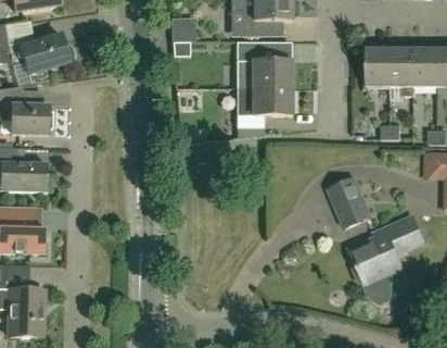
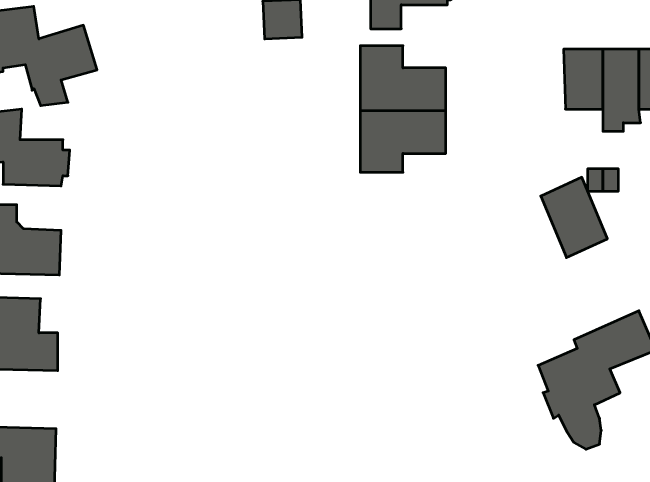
building: [329,176,371,227] -> [541,177,607,258]

